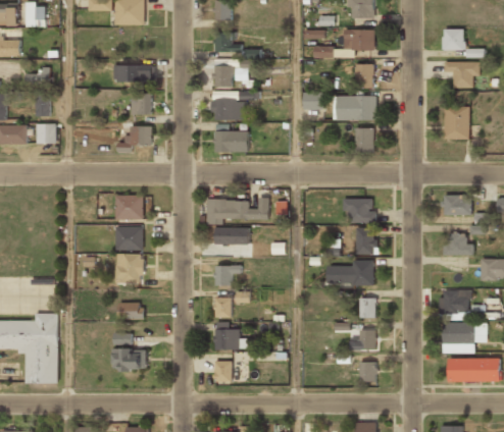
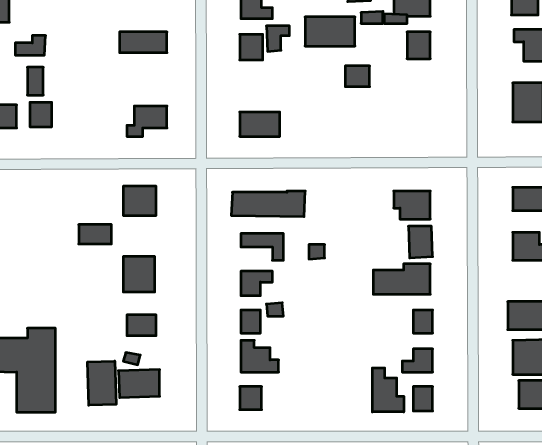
building: [132,96,152,115] -> none
building: [334,96,375,120] -> [305,17,355,46]
building: [211,101,244,120] -> none
building: [355,128,373,152] -> none
building: [115,226,143,242] -> [79,225,111,244]
building: none -> [88,361,116,405]
building: none -> [372,368,404,412]

